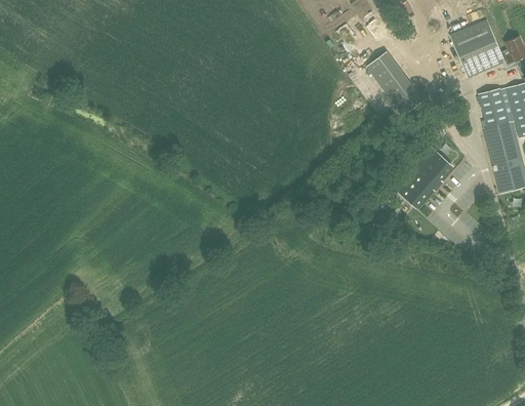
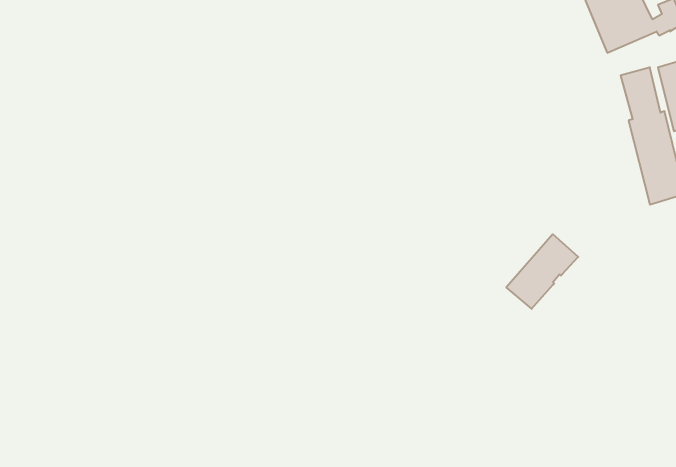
building: [367,51,415,104] -> none
building: [397,150,452,207] -> [506,234,578,309]

